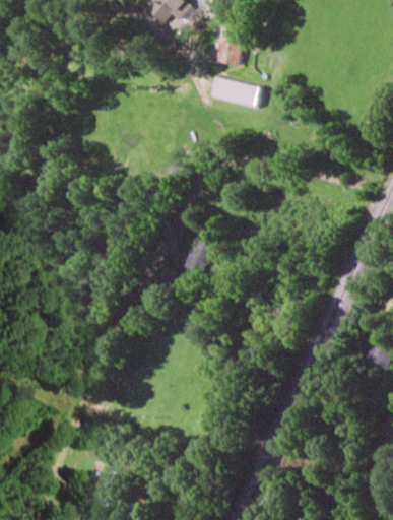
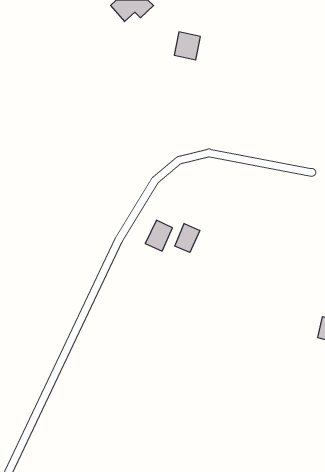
building: [210,77,261,108] -> none
building: none -> [175,223,200,252]

